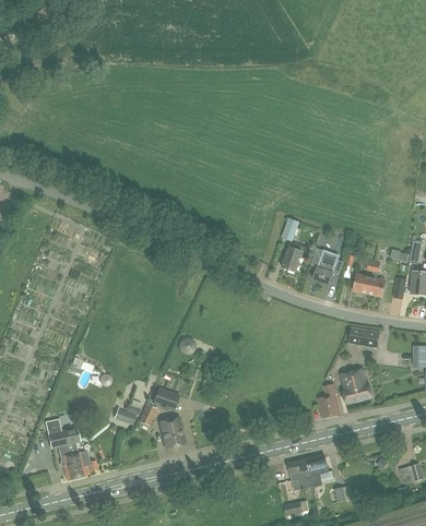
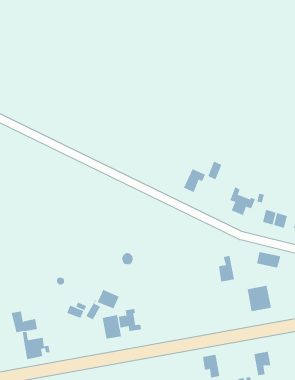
building: [281,241,308,272] -> [183,169,206,193]
building: [318,383,340,417] -> [218,256,235,282]
building: none -> [118,308,142,332]
building: [305,454,328,486] -> [254,351,271,376]

